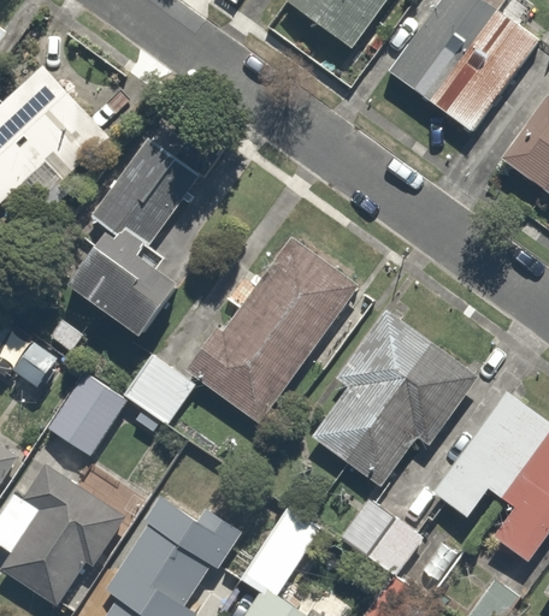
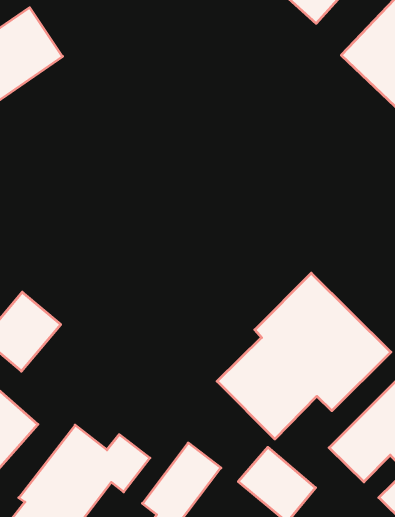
building: [70,138,197,332] -> none
building: [191,239,354,419] -> none
building: [124,354,199,427] -> none

